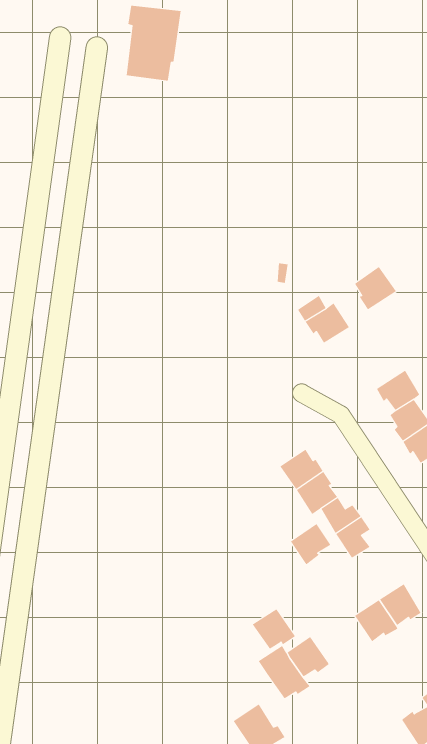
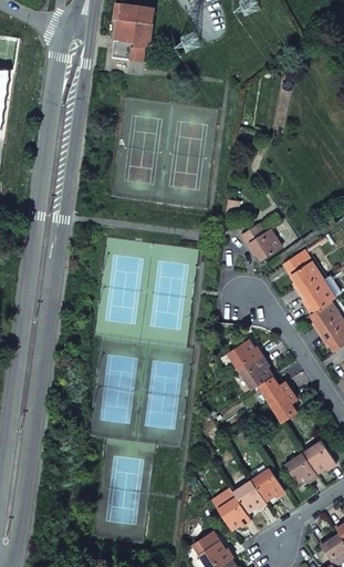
building: [354,266,397,310] -> [291,261,323,295]
building: [290,523,331,565] -> none
building: [252,608,296,649] -> [251,470,284,501]

